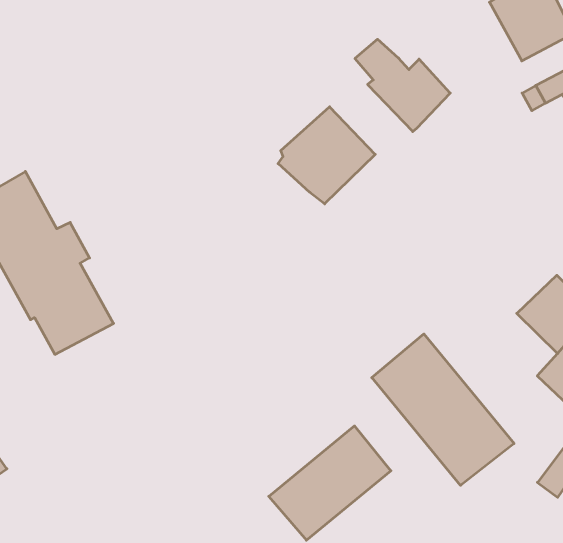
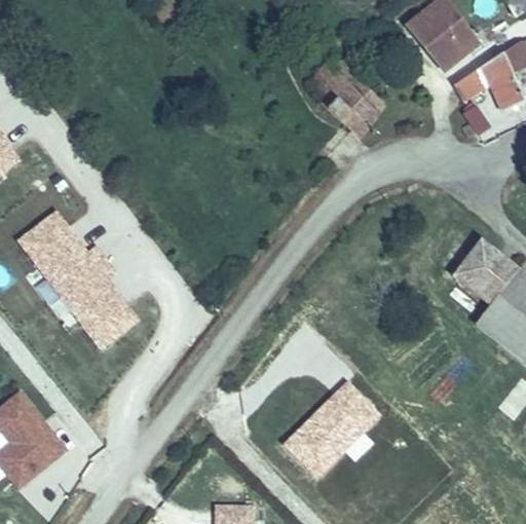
building: [278,107,375,204] -> none
building: [372,334,514,485] -> none

